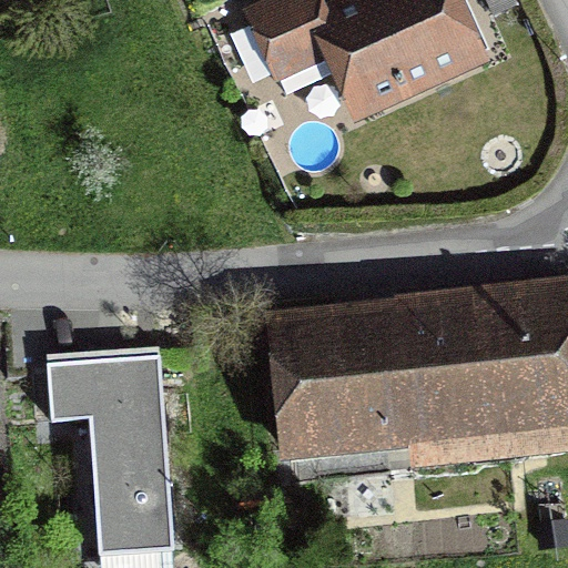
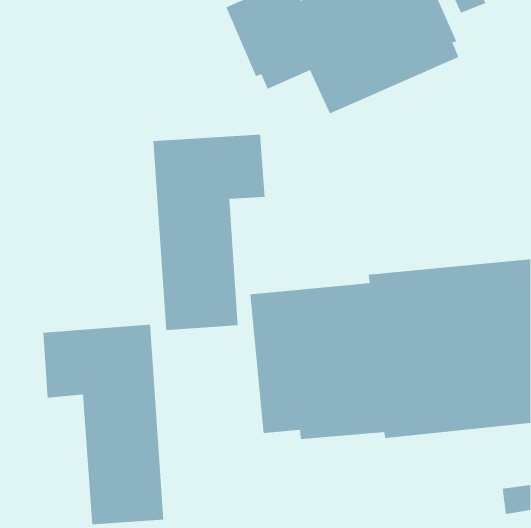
building: none -> [153,134,265,331]

